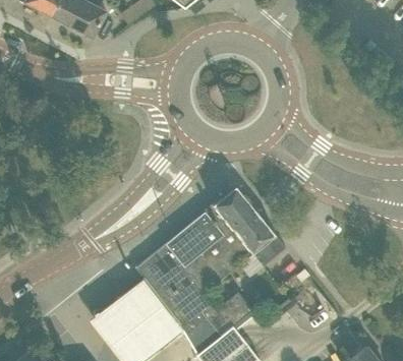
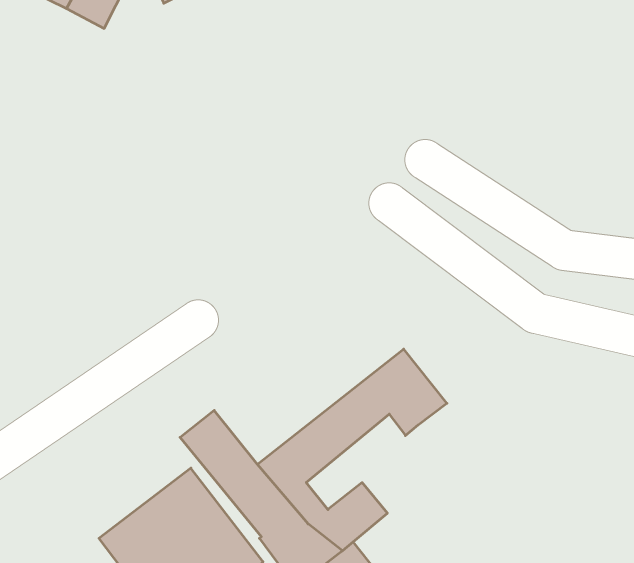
building: [155,186,262,282] -> none

